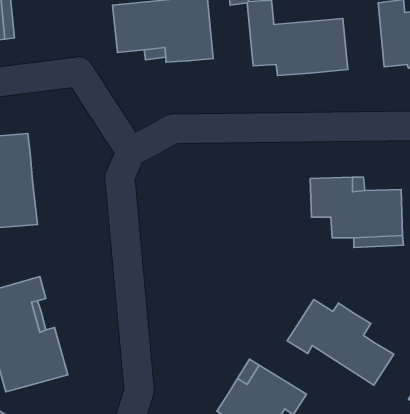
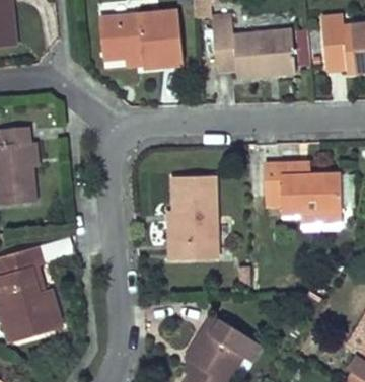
building: none -> [168,175,219,260]
building: [287,299,394,385] -> none

